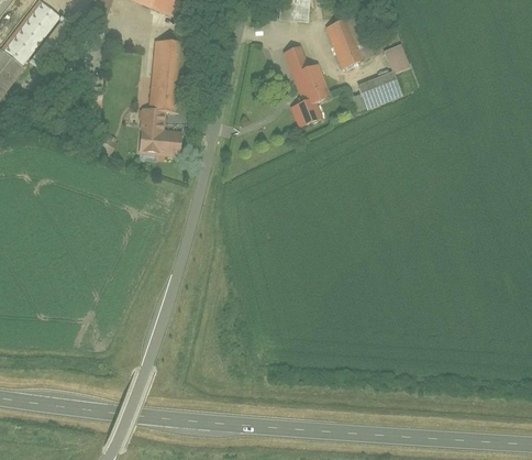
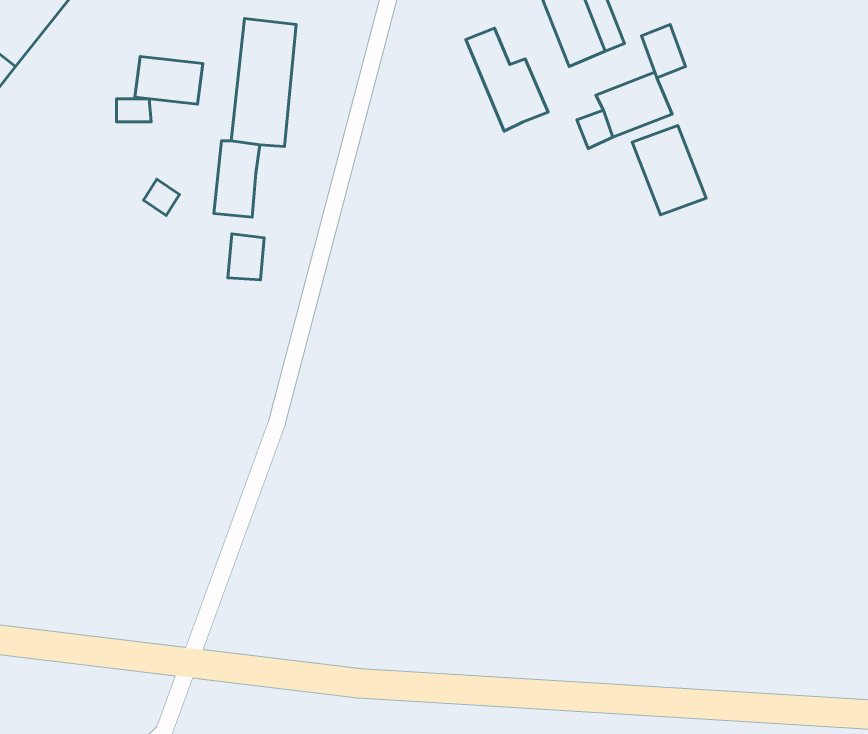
building: none -> [135,57,203,104]
building: [291,99,323,127] -> none
building: none -> [632,125,706,215]
building: [159,129,180,155] -> [228,234,264,280]

